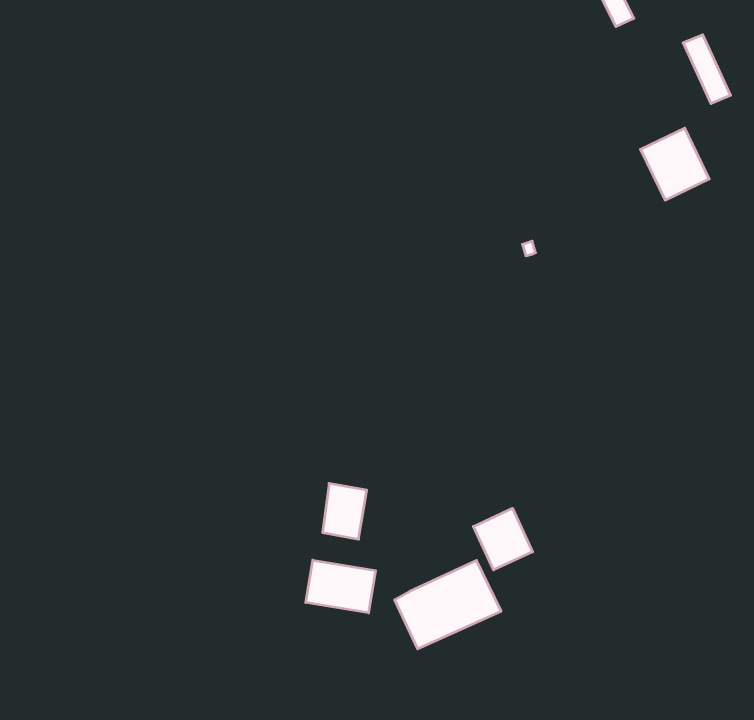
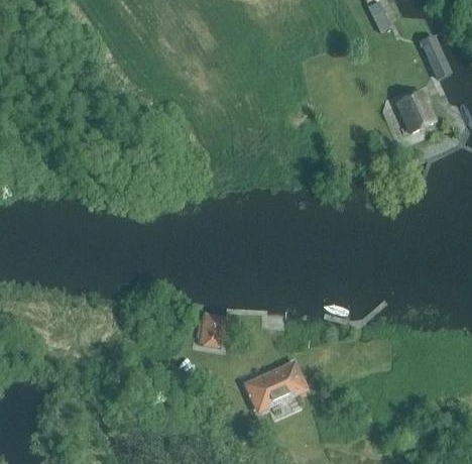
building: [473,508,533,570] -> none
building: [306,560,376,613] -> none

